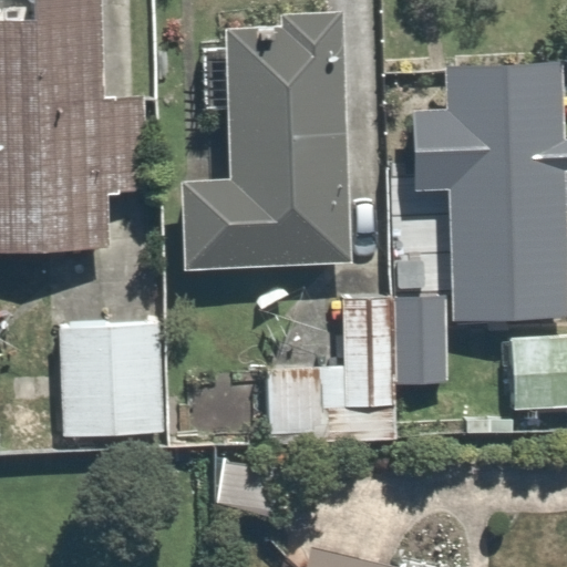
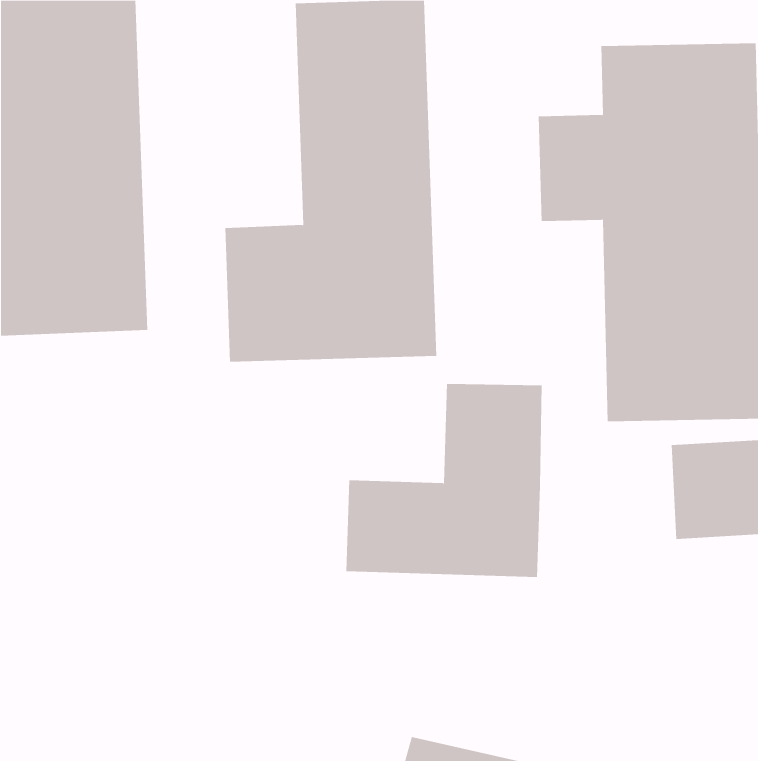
building: [59,329,167,436] -> none

